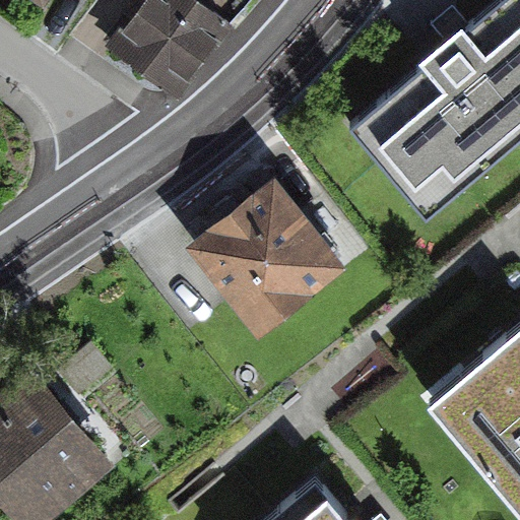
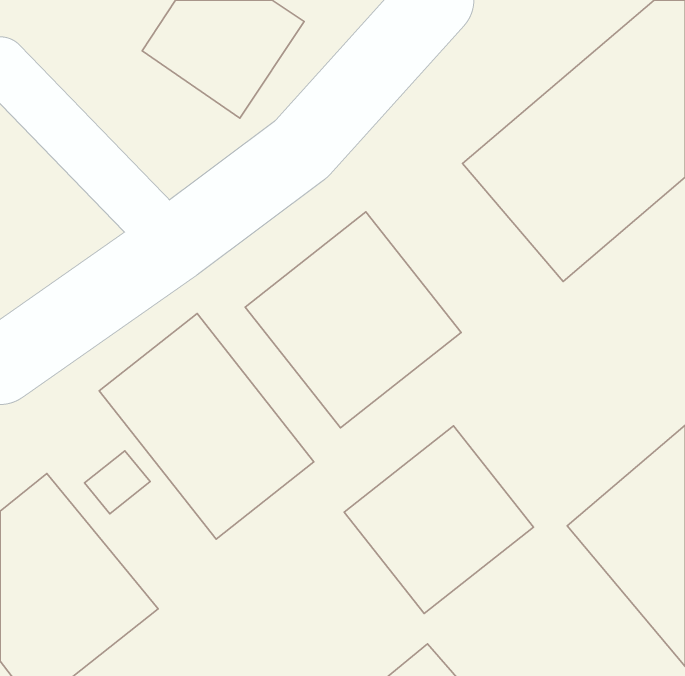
building: none -> [99,314,314,539]
building: none -> [344,426,534,613]

